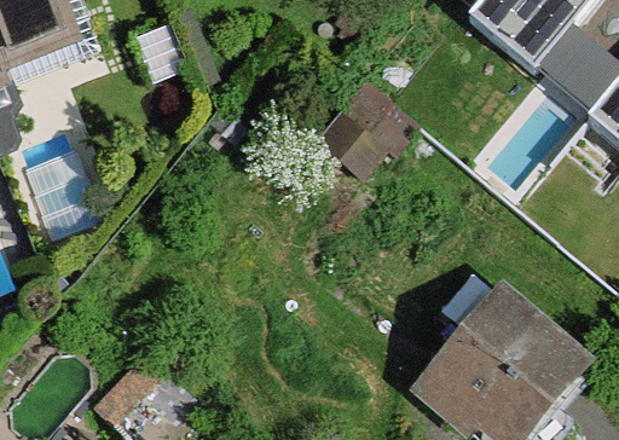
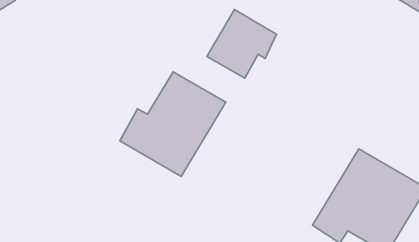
building: none -> [120,72,226,176]

